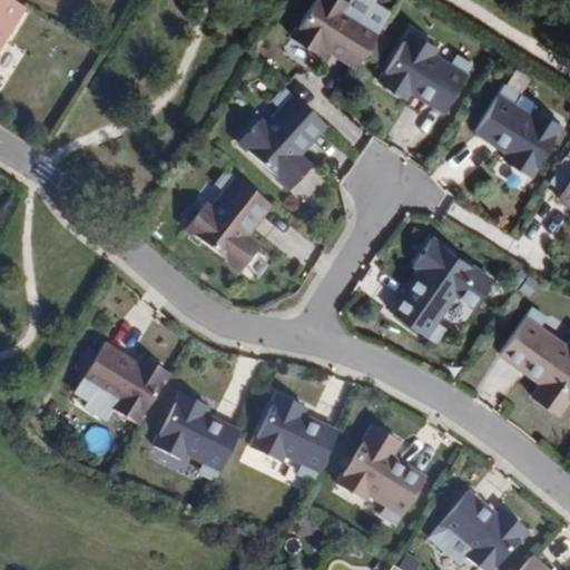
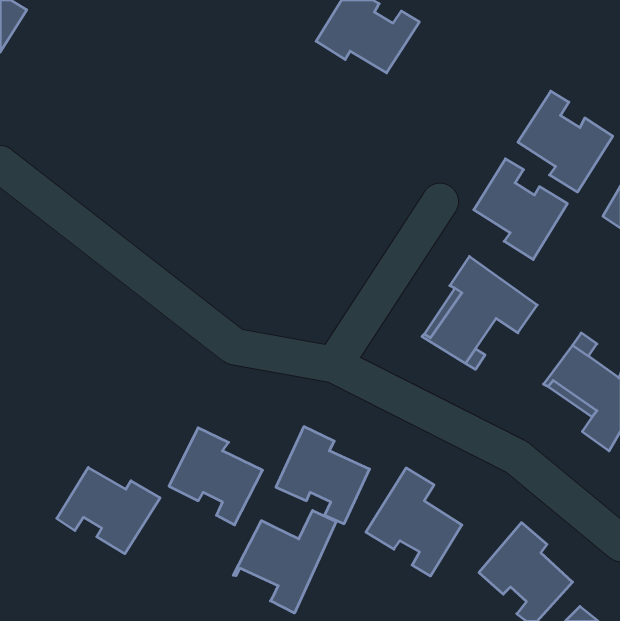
building: [386,22,472,115] -> [474,159,567,260]
building: [238,87,326,189] -> none
building: [186,169,272,271] -> none
building: [76,344,170,423] -> [57,467,160,554]
building: none -> [233,510,336,613]

